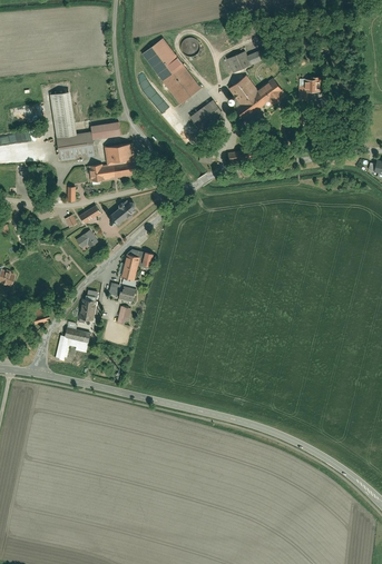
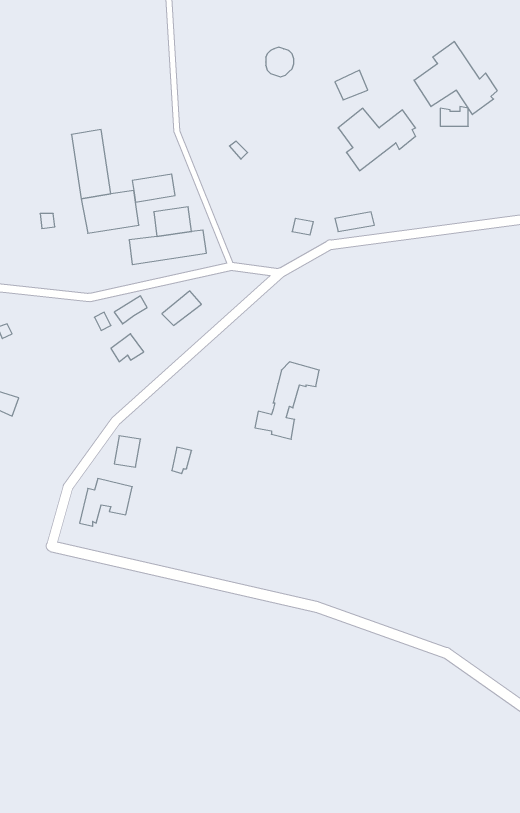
building: none -> [414,41,497,115]
building: [141,39,199,103] -> none
building: [189,100,223,132] -> none
building: [109,248,153,300] -> [255,362,319,439]

